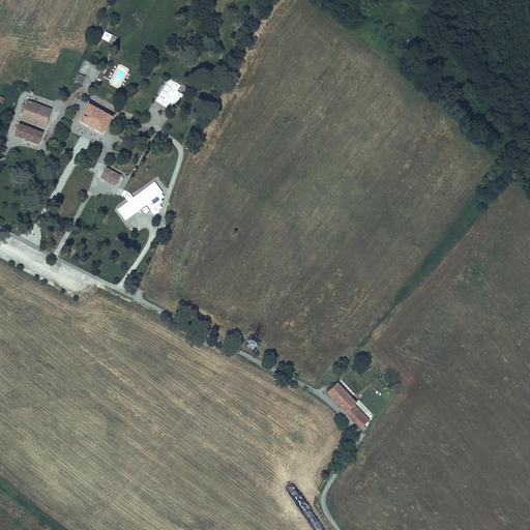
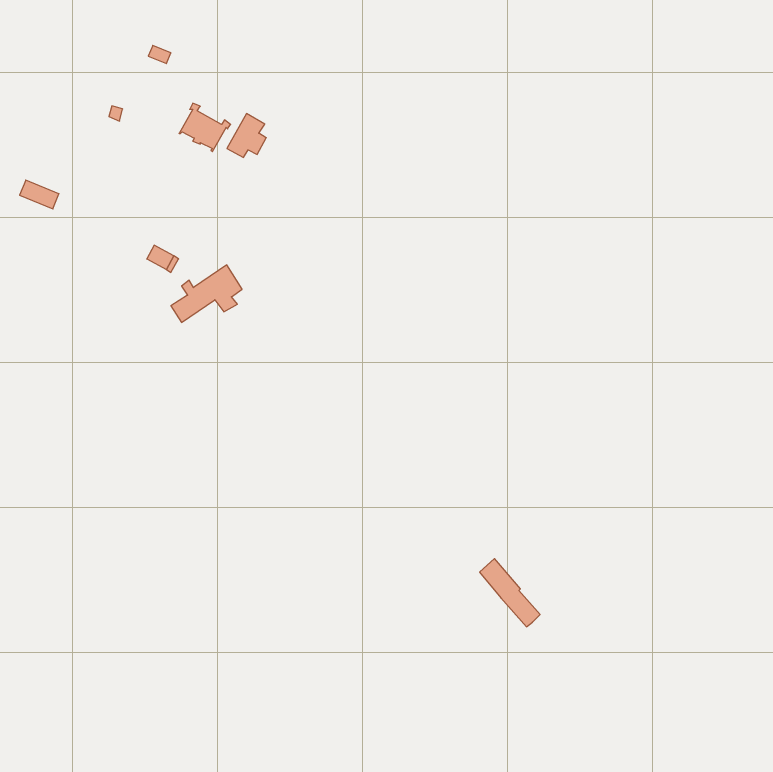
building: [20,100,50,127] -> none
building: [79,100,114,134] -> [179,103,231,152]

